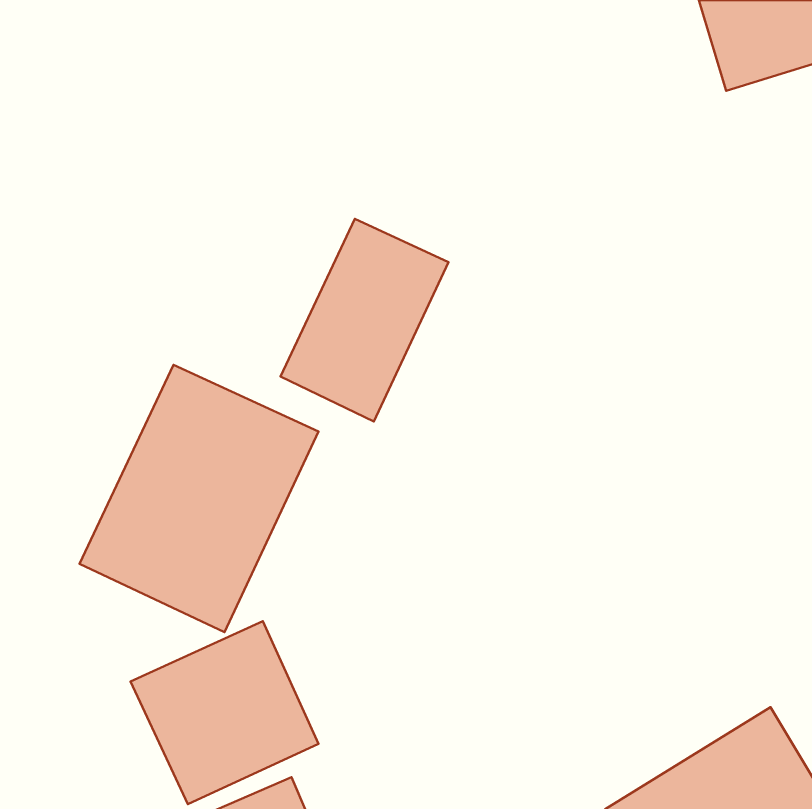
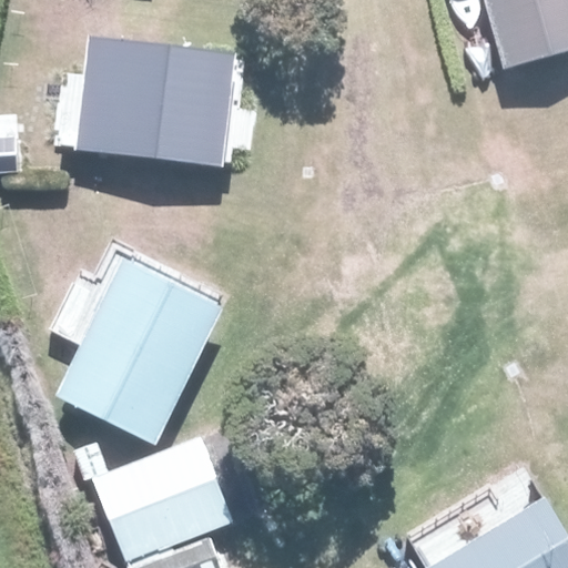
building: none -> [82,44,227,155]
building: [281,219,448,421] -> none

